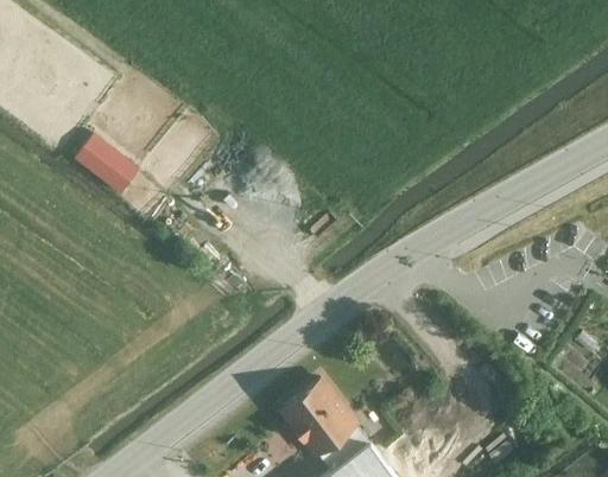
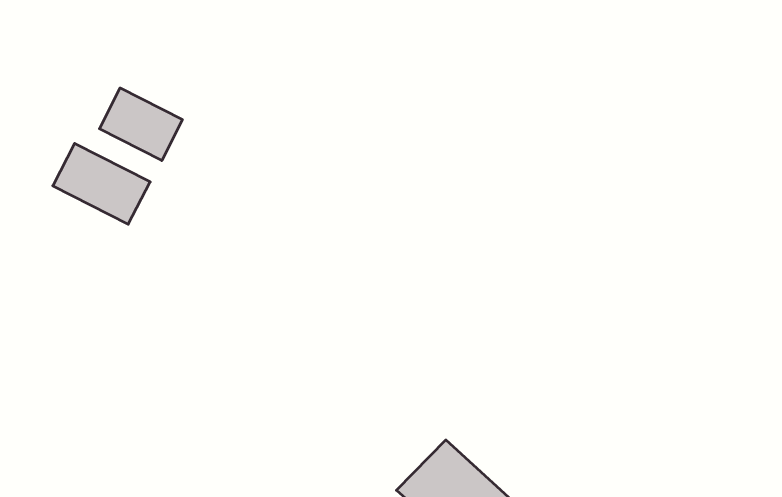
building: none -> [99,88,182,161]

